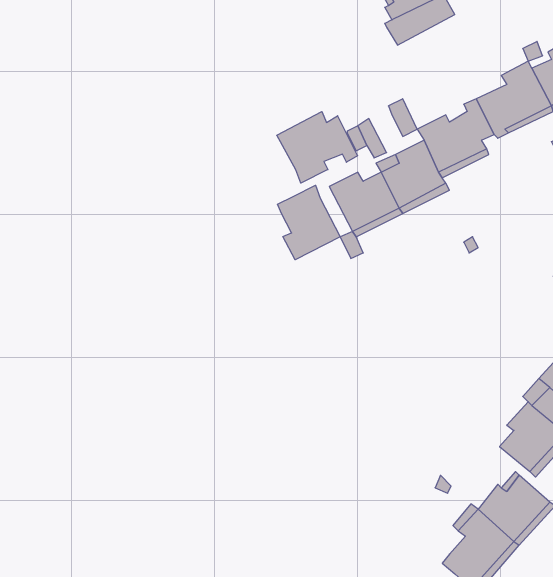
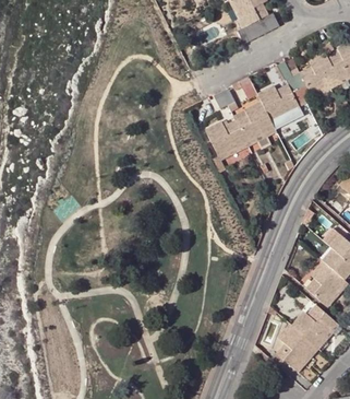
building: [277,112,358,183] -> none
building: [278,185,340,260] -> none

